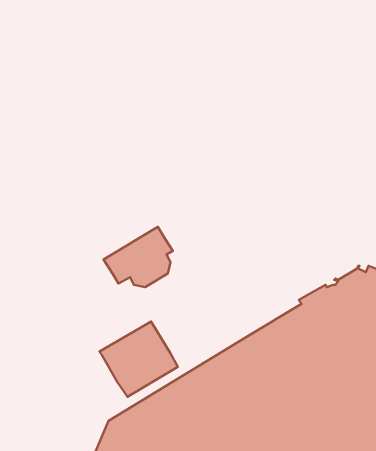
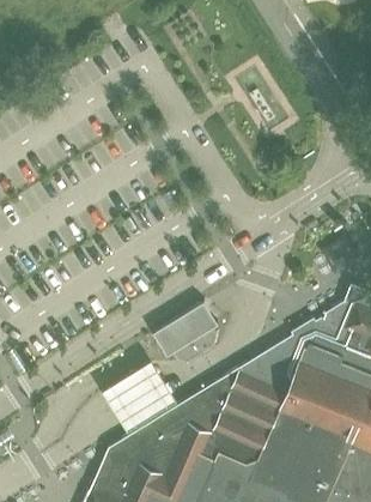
building: [104,227,173,287] -> [151,304,217,362]

